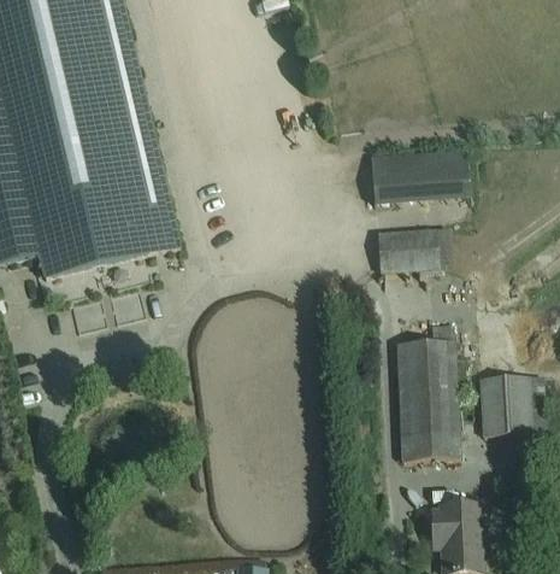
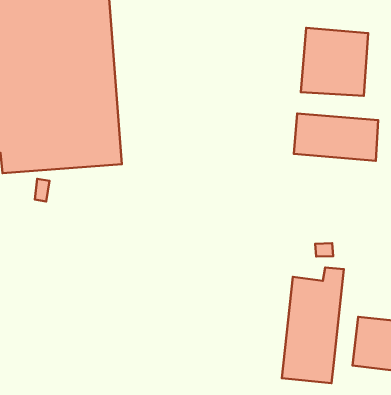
building: none -> [301,28,368,96]
building: [375,228,450,273] -> none

